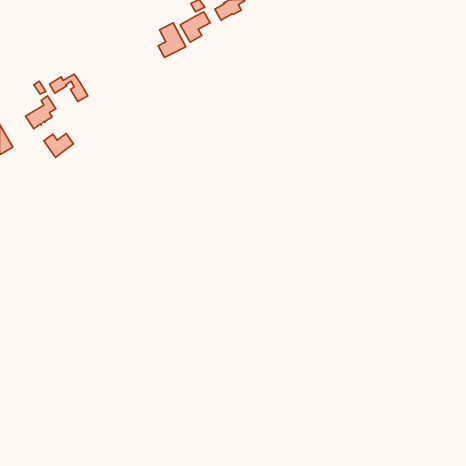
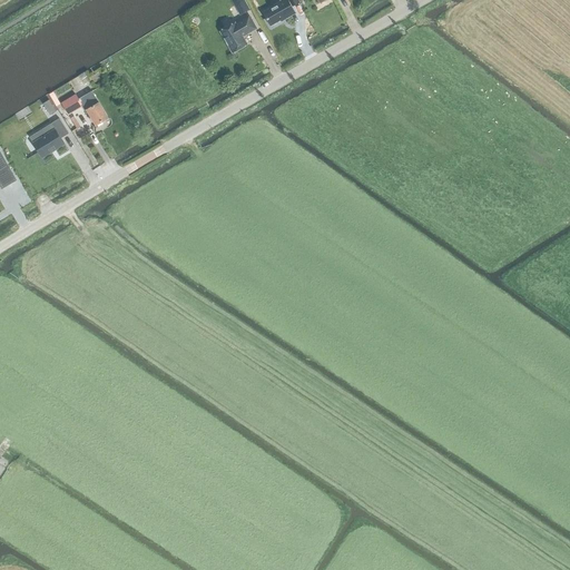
building: [158,23,186,58] -> none
building: [44,133,73,157] -> none

